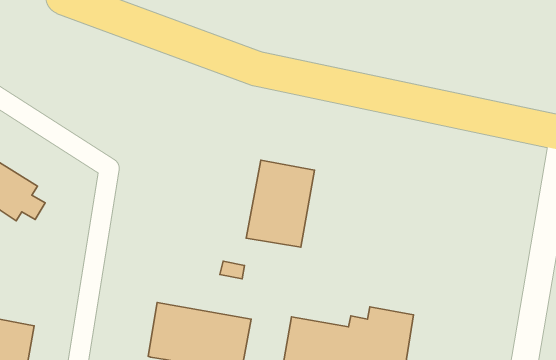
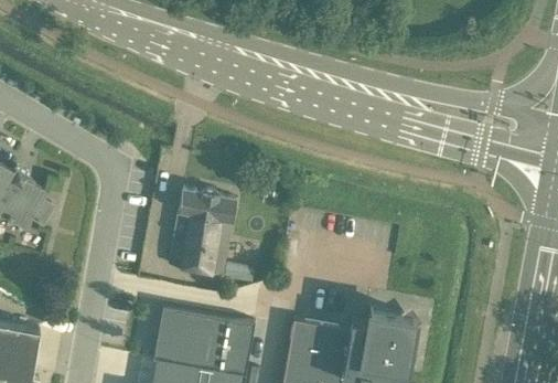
building: [246,160,314,247] -> [167,191,234,277]

